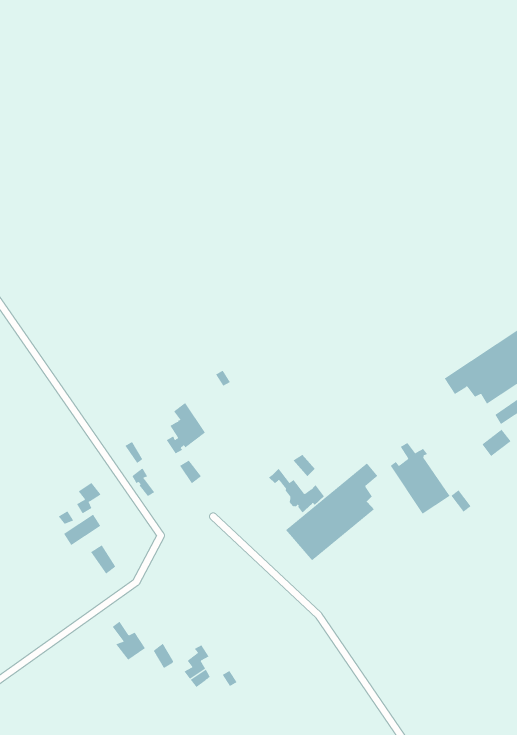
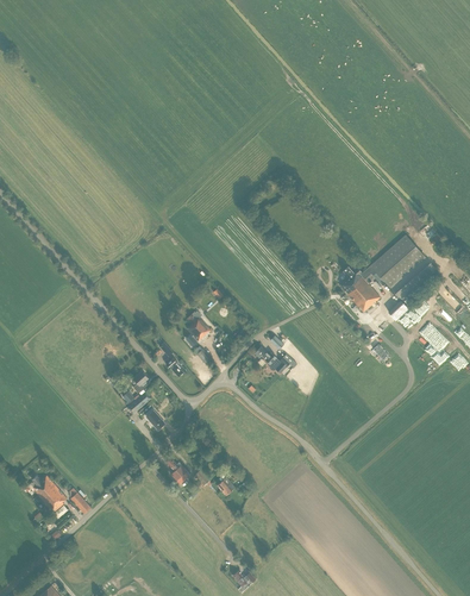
building: [390,442,451,514] -> [338,266,380,312]
building: [285,463,378,561] -> none

